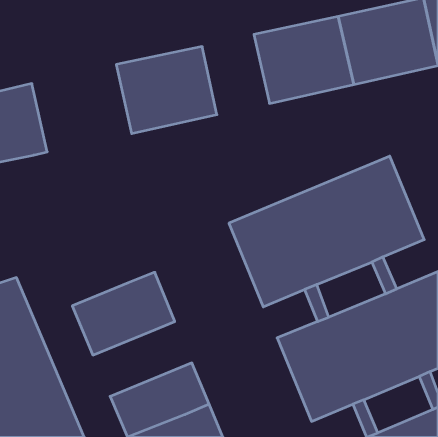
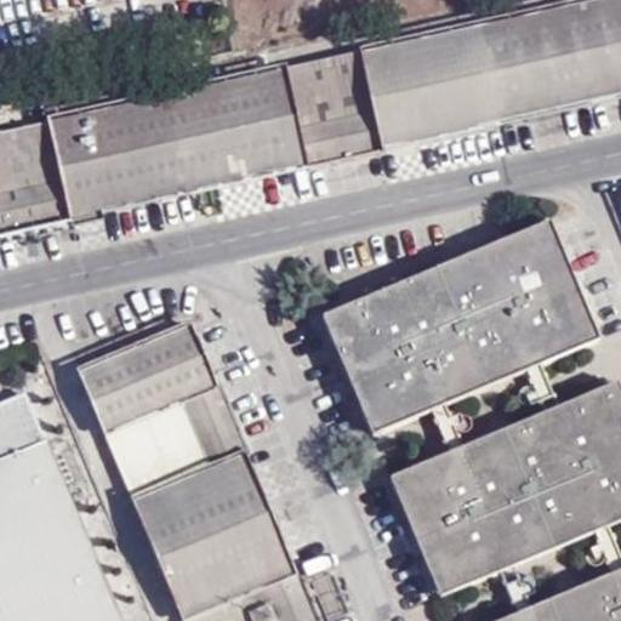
building: none -> [285,49,380,161]
building: none -> [45,91,186,213]
building: none -> [76,321,217,431]
building: none -> [131,452,270,558]

